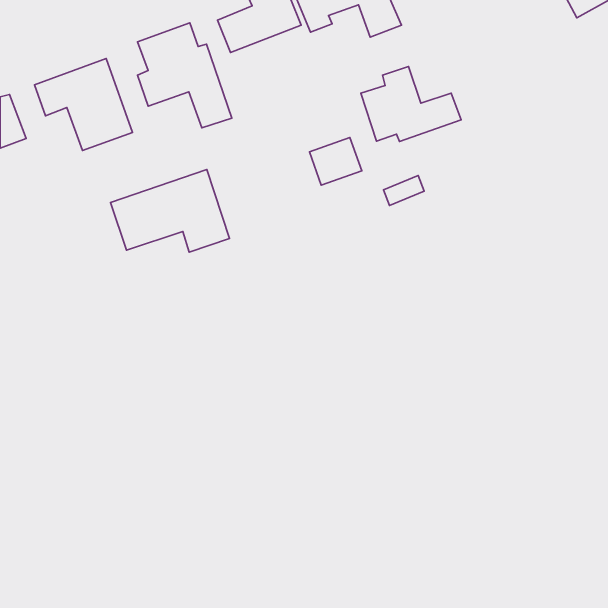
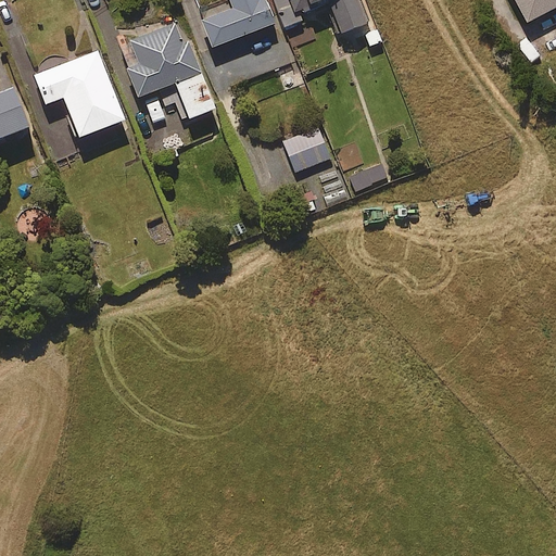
building: [361,66,461,142] -> none
building: [110,170,229,252] -> none

